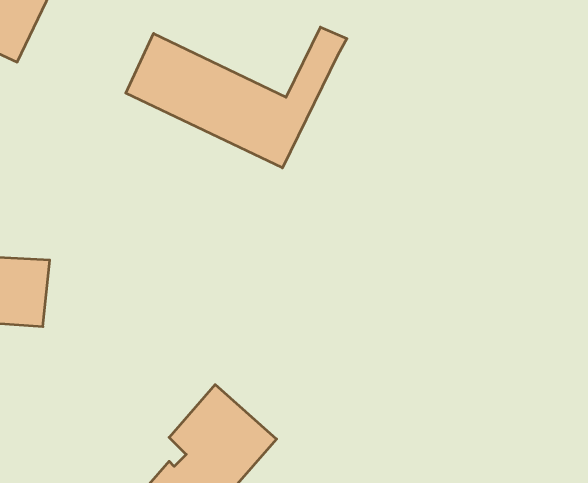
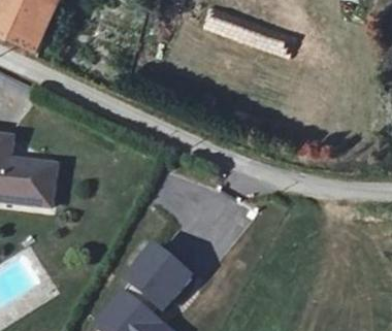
building: [126,27,347,168] -> none

